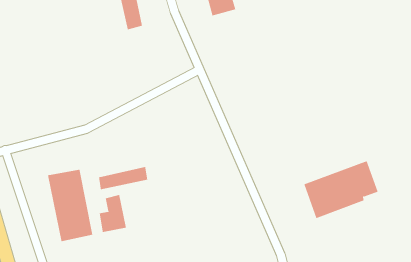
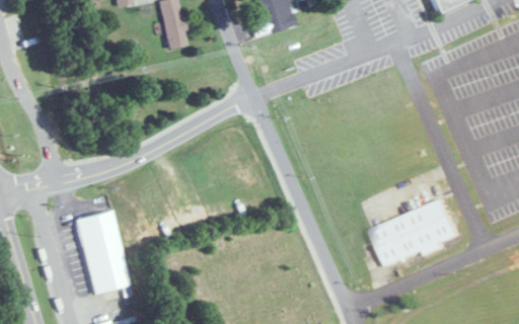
building: [98,166,148,190] -> none
building: [99,194,127,233] -> none

